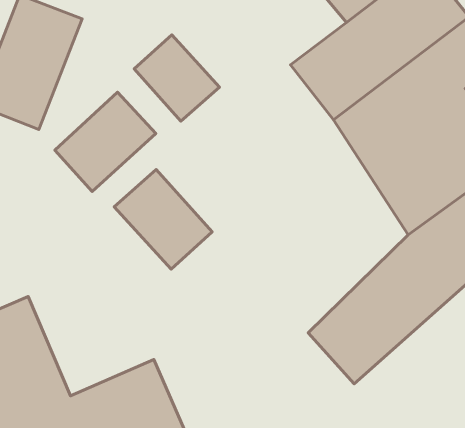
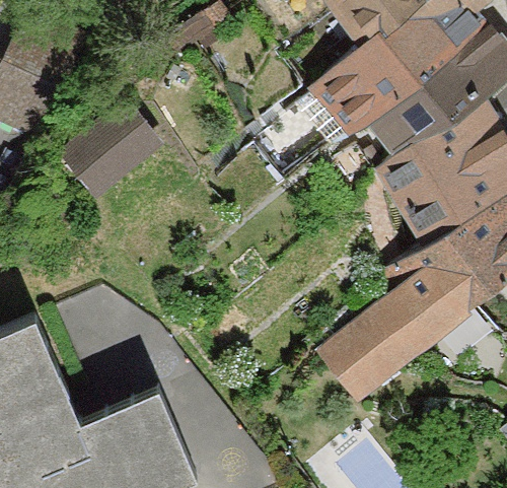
building: [134,35,219,121] -> none
building: [114,169,212,269] -> none

